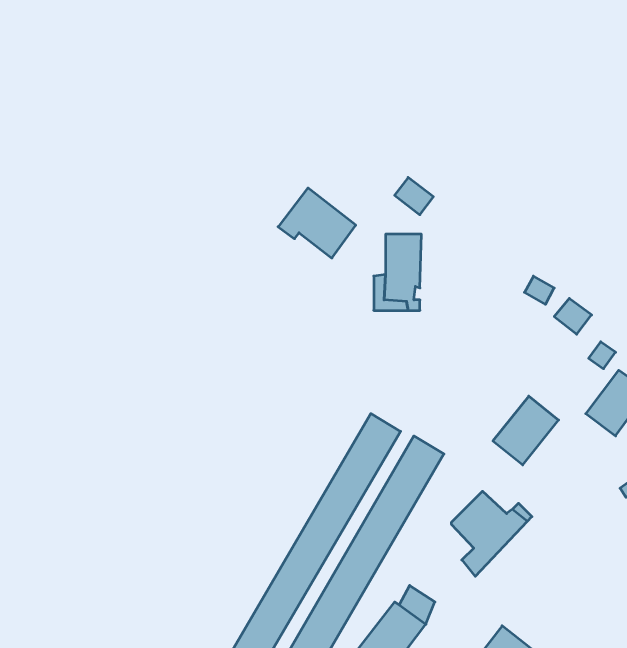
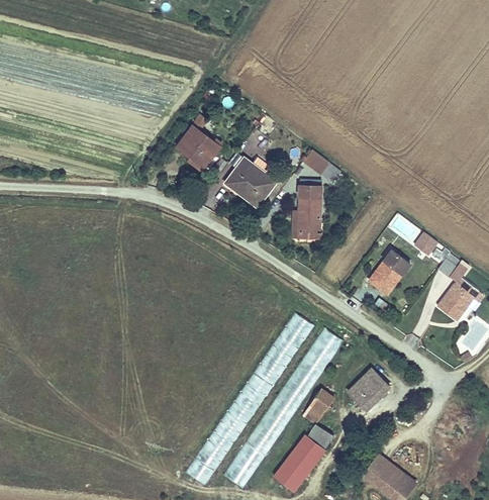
building: none -> [176,126,220,168]
building: [493,396,559,465] -> [367,251,411,297]
building: none -> [305,389,333,418]

